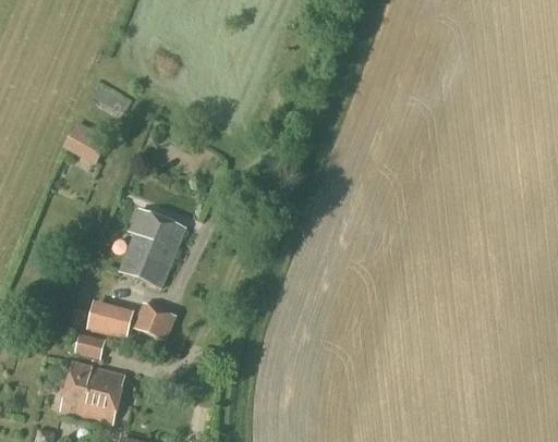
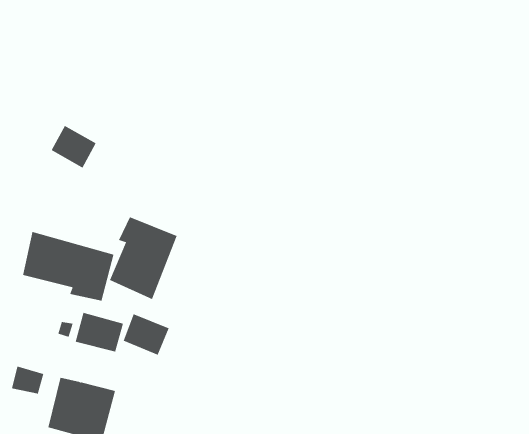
building: none -> [23,231,114,302]
building: [73,331,105,358] -> [11,366,44,394]

